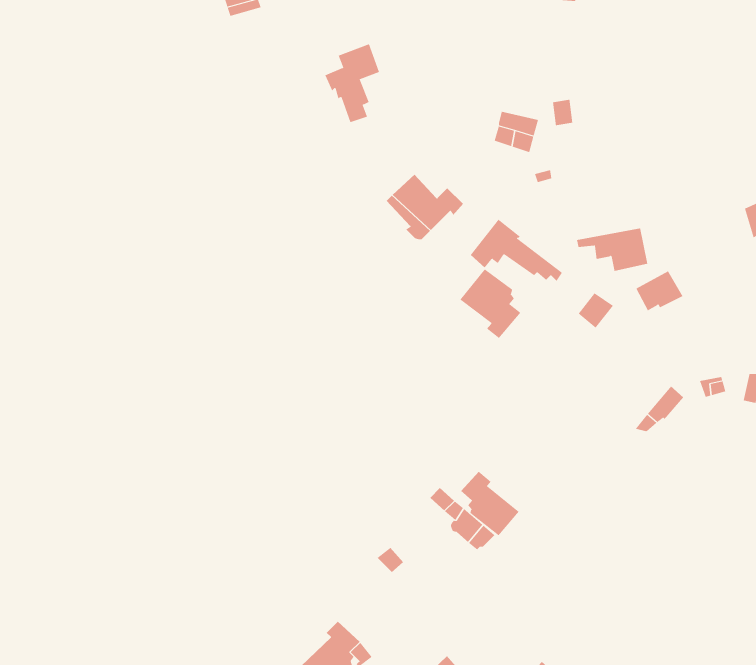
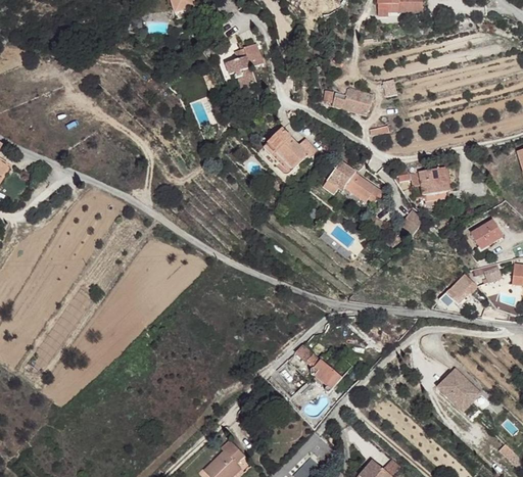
building: [460,268,521,339] -> none
building: [636,271,684,311] -> [469,219,502,246]
building: [460,471,519,536] -> none
building: none -> [438,366,489,415]

